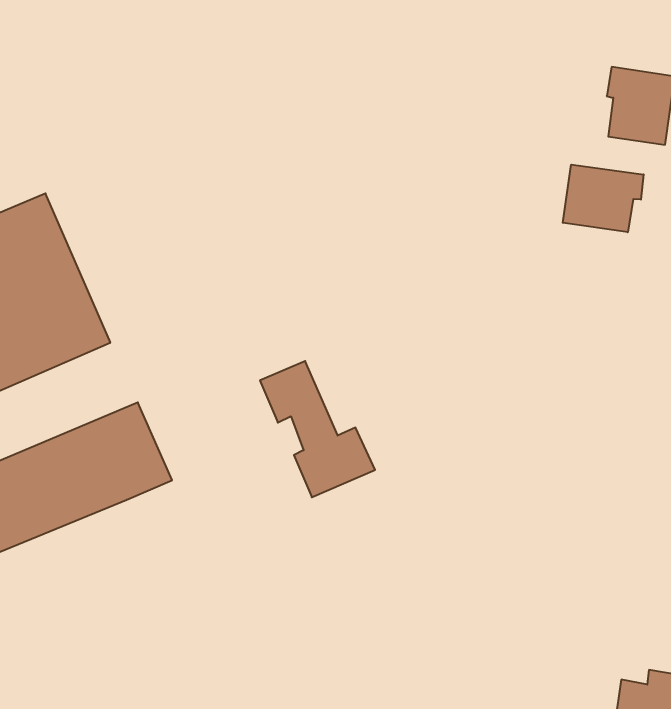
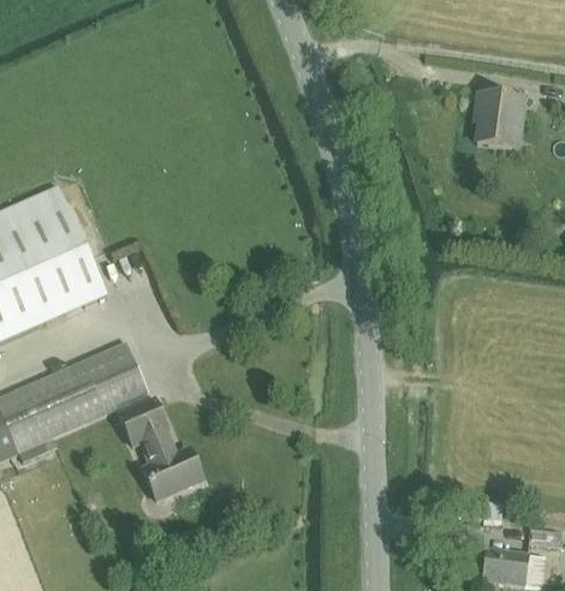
building: [563,165,644,232] -> none
building: [260,361,375,497] -> [118,398,203,499]

